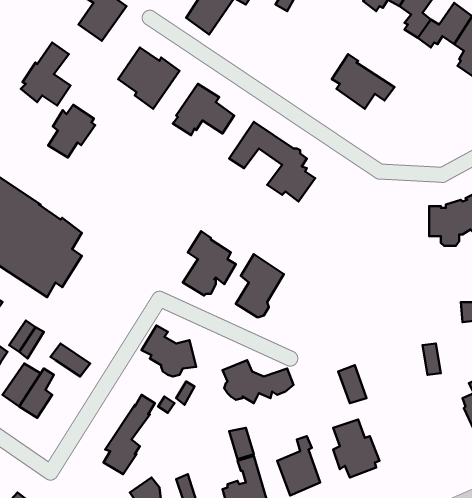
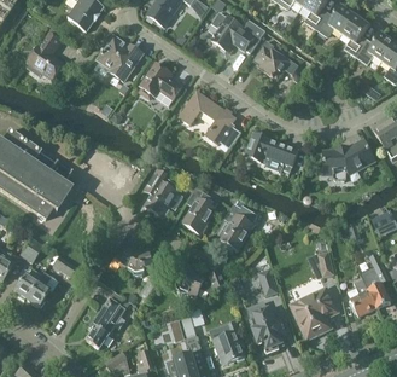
building: none -> [211,12,265,53]
building: [48,105,95,157] -> none
building: none -> [245,133,298,173]
building: none -> [216,204,258,251]
building: none -> [293,288,337,336]

